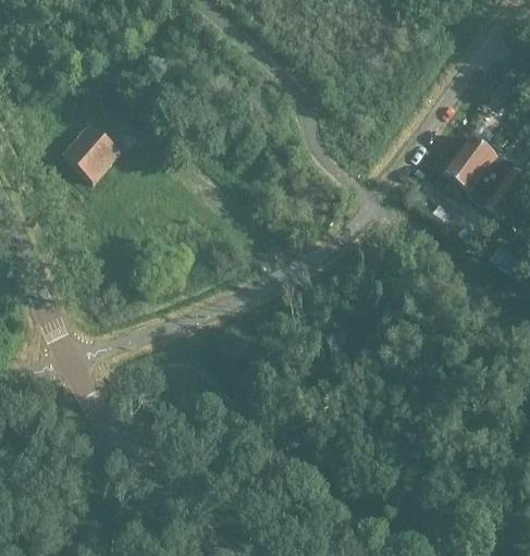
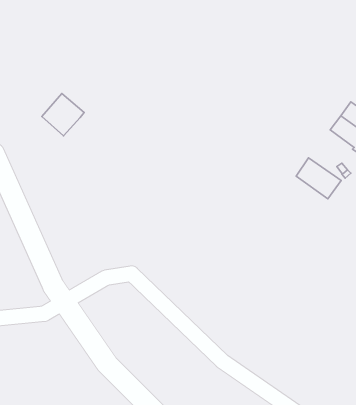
building: none -> [296,158,341,199]

